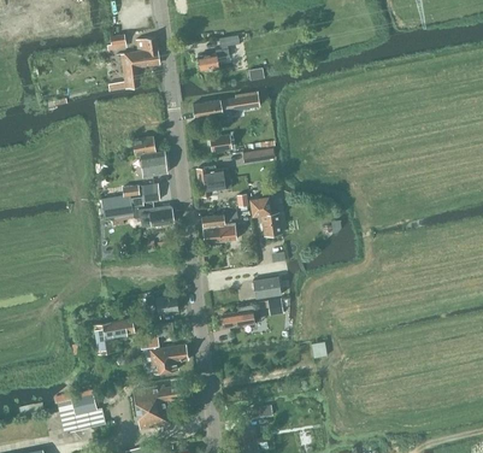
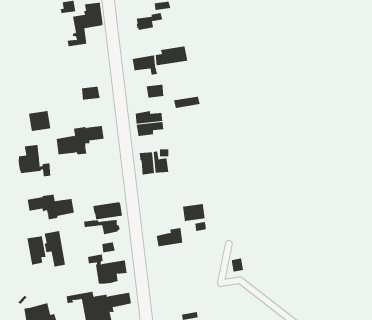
building: [139,152,166,177] -> [28,110,51,132]
building: [248,196,281,236] -> none
building: [137,206,173,228] -> [92,202,123,220]
building: none -> [18,144,51,177]
building: none -> [27,194,75,220]
building: none -> [27,236,46,266]

